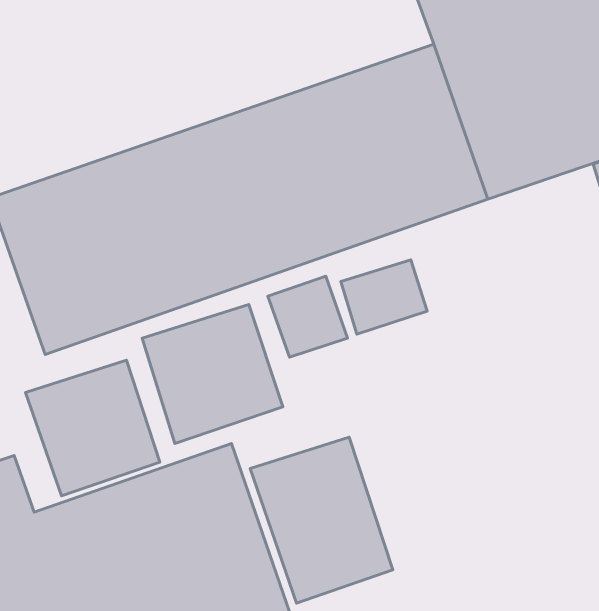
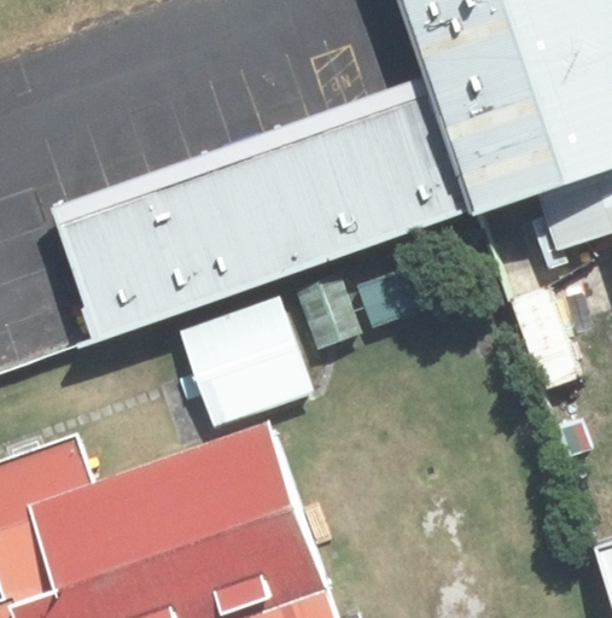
building: [25,360,160,496] -> none
building: [250,437,393,603] -> none

